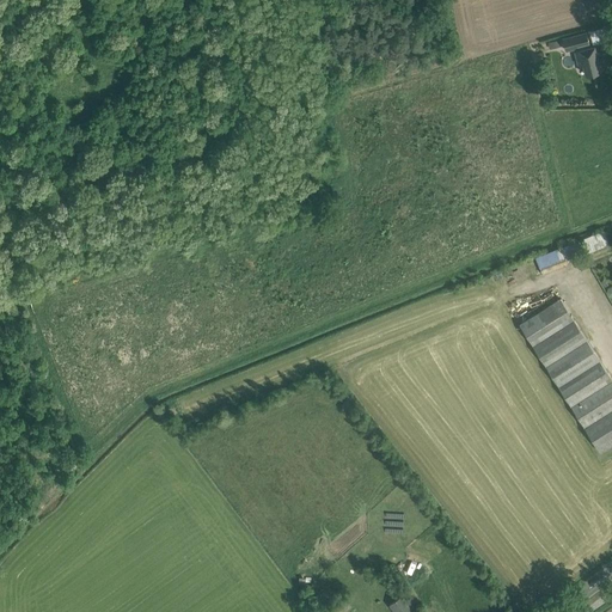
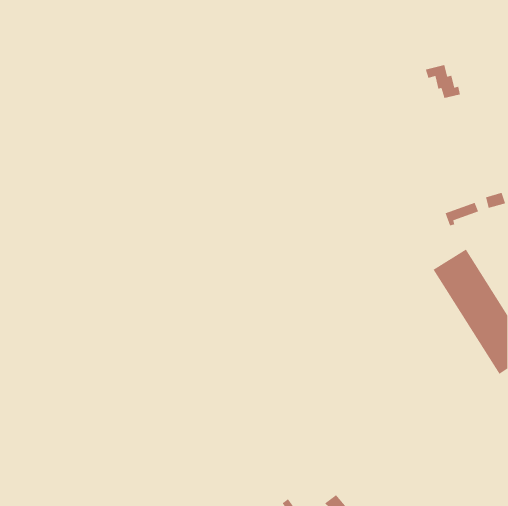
building: [563,35,606,76] -> [425,64,461,99]

